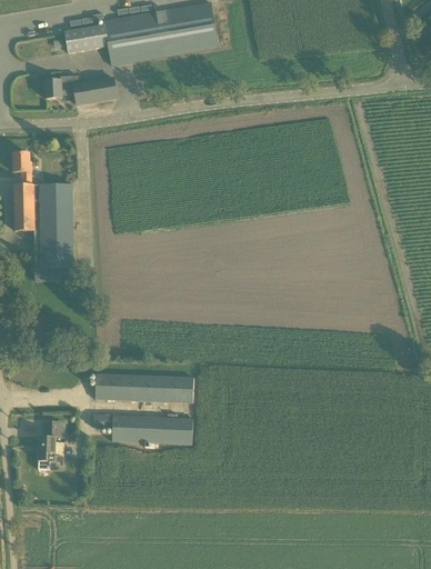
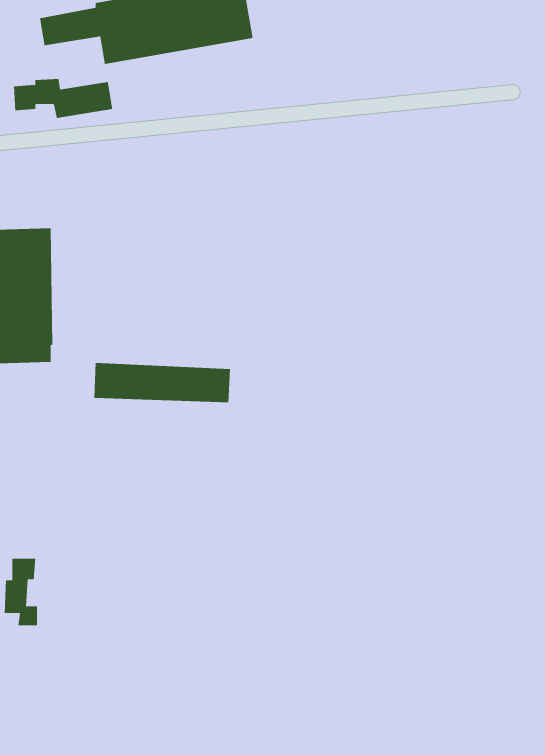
building: [94,373,193,402] -> [93,363,231,403]
building: [93,415,192,445] -> none

